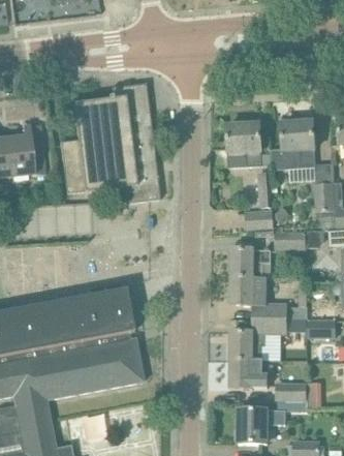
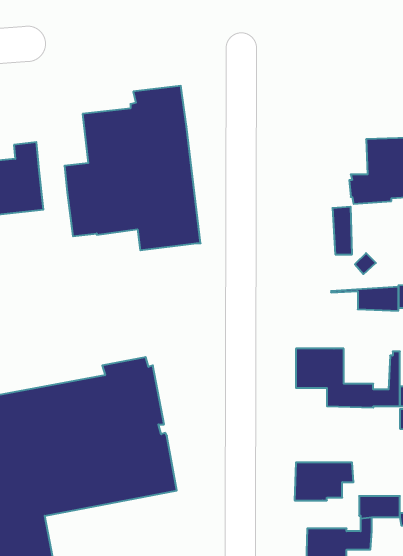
building: [226,124,271,166] -> none
building: [246,210,275,234] -> none
building: [230,248,271,277] -> none
building: [230,318,287,360] -> none

